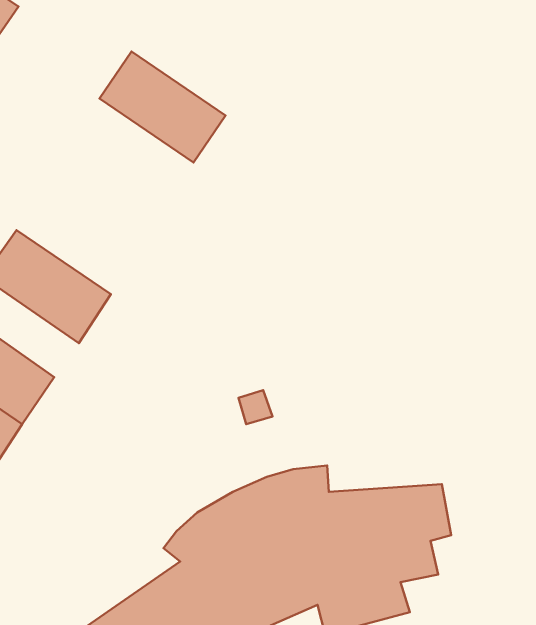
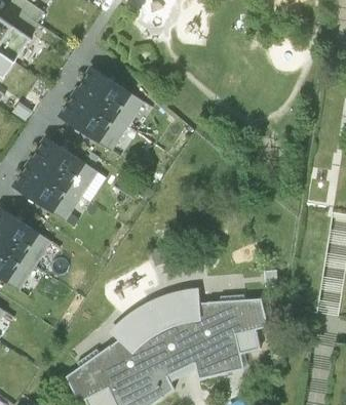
building: none -> [56,88,126,150]
building: none -> [30,134,99,195]

